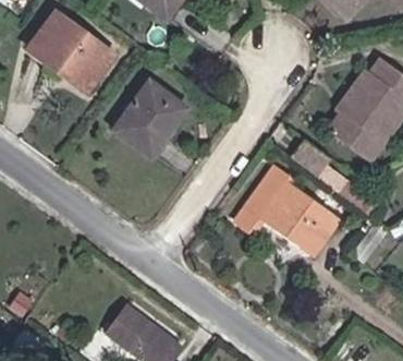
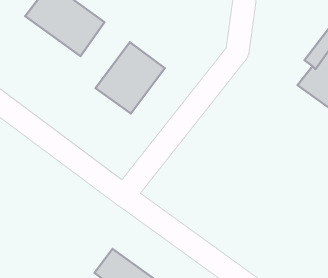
building: [234,169,338,257] -> none

